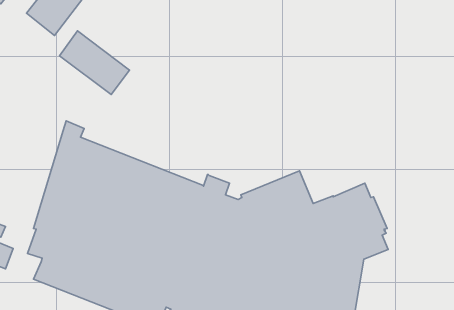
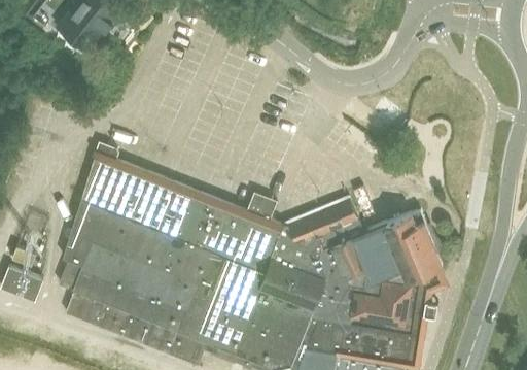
building: [60,31,129,94] -> none

